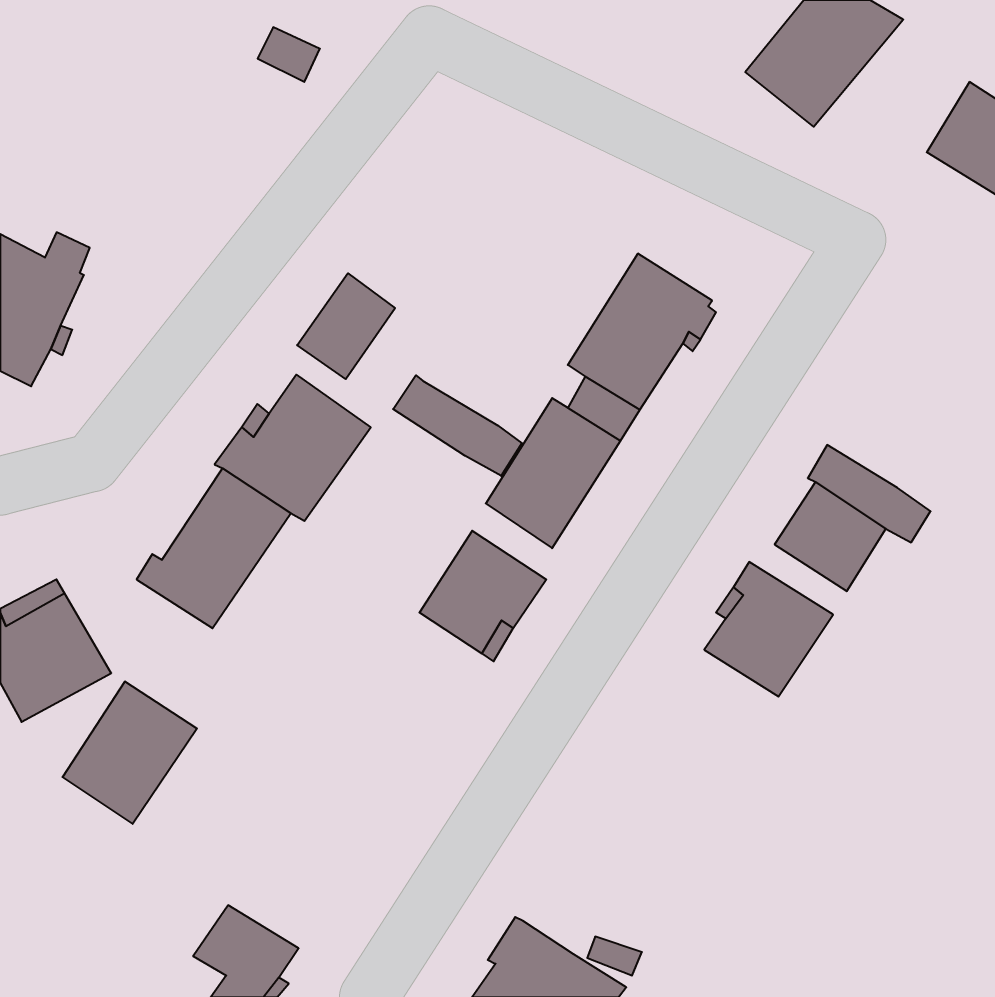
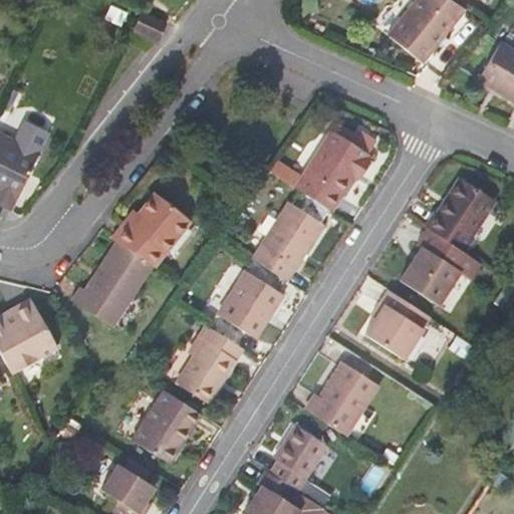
building: [297,273,395,379] -> none
building: none -> [425,177,493,251]
building: [393,375,522,476] -> none
building: none -> [176,326,243,405]
building: [62,682,197,824] -> [132,391,201,464]
building: none -> [307,362,380,436]
building: none -> [270,427,325,491]

